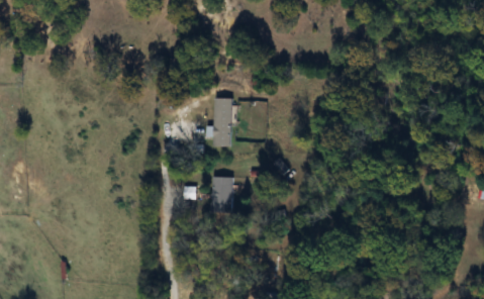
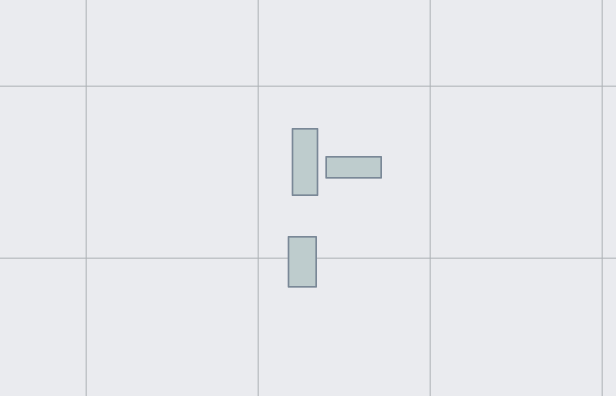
building: none -> [326,157,381,178]

